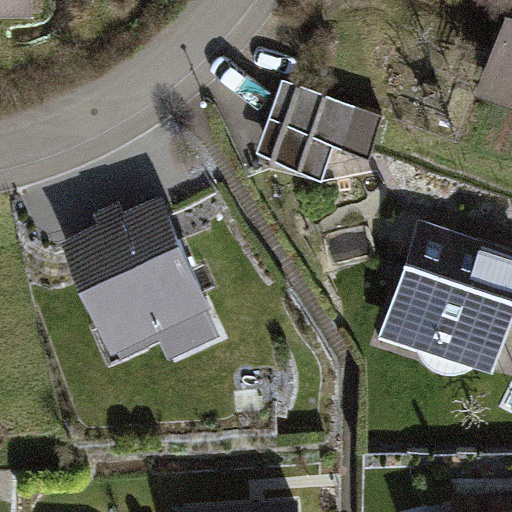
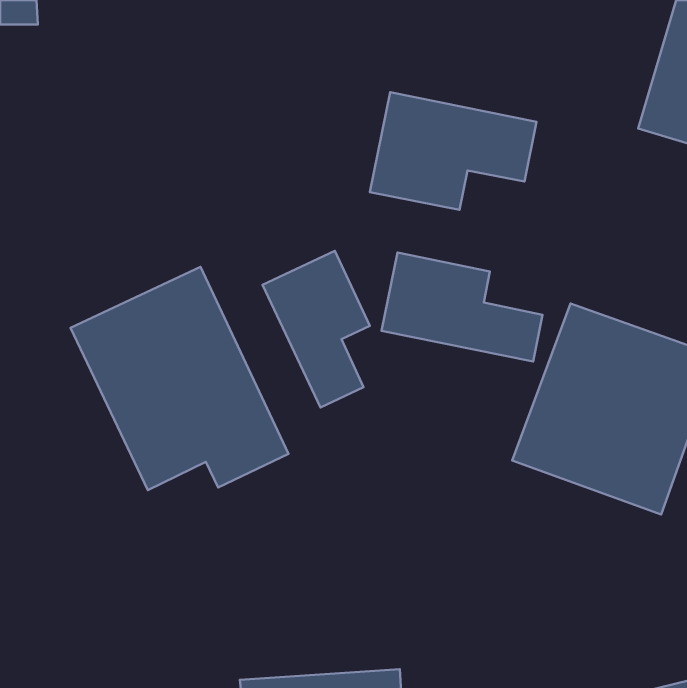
building: none -> [263,251,370,407]
building: none -> [382,253,542,361]

